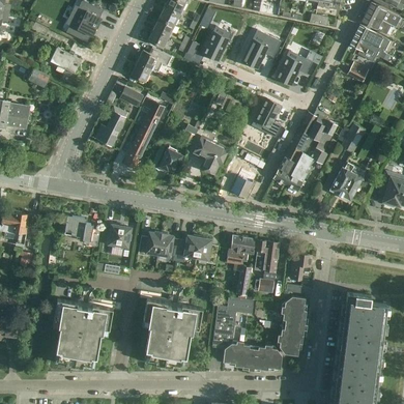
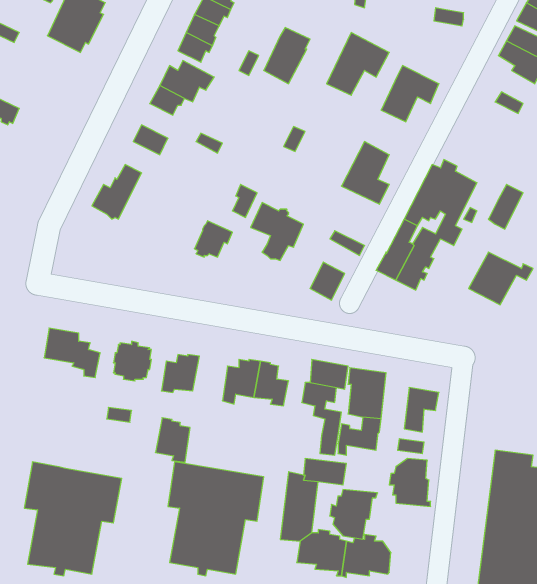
building: [50,42,81,83] -> none
building: [123,98,164,168] -> none
building: [157,232,179,260] -> [155,418,190,462]
building: [277,324,307,355] -> [330,490,378,539]

